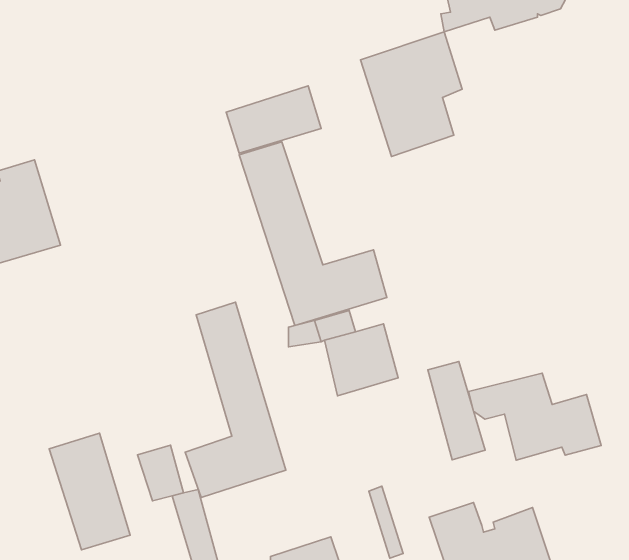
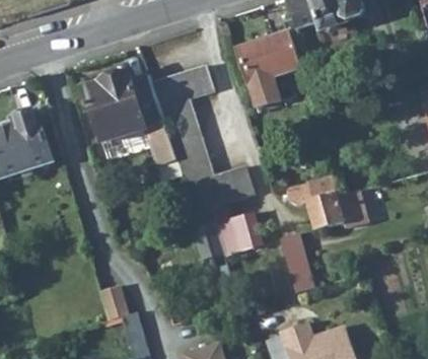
building: none -> [82,66,179,165]
building: [185,302,286,498] -> none
building: [469,373,601,460] -> [286,176,368,230]
building: [49,433,130,550] -> none

